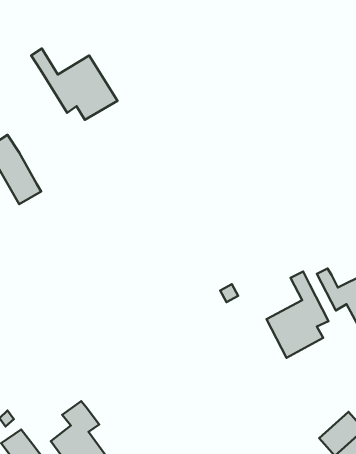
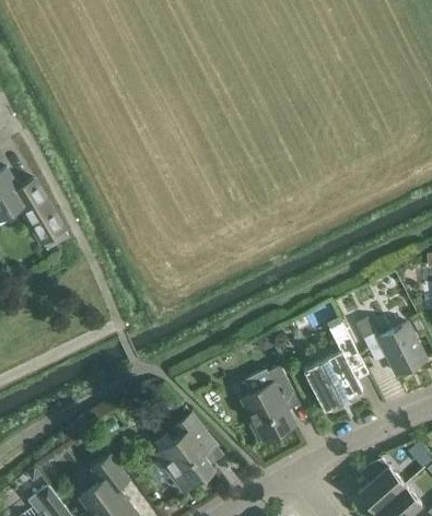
building: [31,48,118,120] -> none
building: none -> [242,365,294,442]
building: none -> [154,413,215,492]

